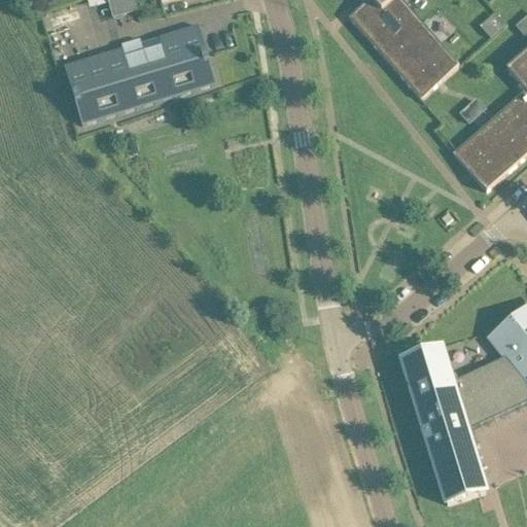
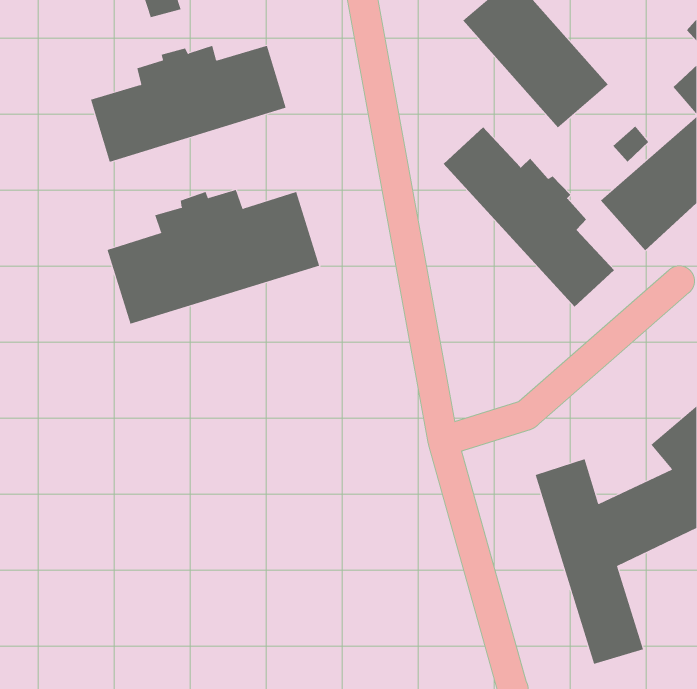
building: none -> [443,126,615,308]
building: none -> [107,189,320,325]

